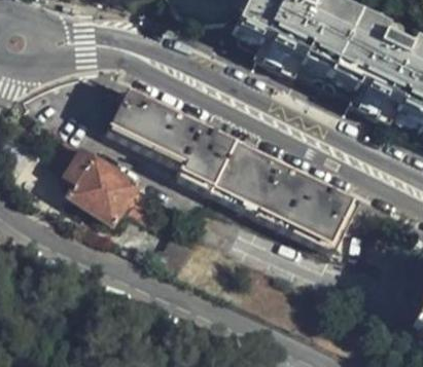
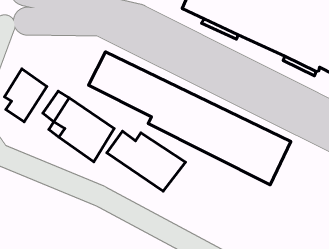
building: none -> [5,69,47,122]
building: none -> [107,131,185,191]

